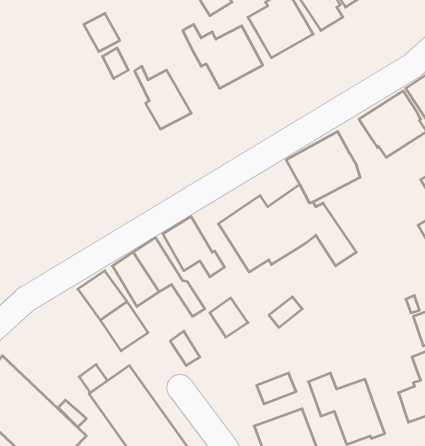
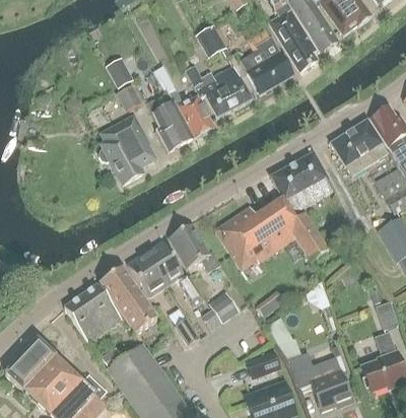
building: none -> [153,64,214,137]
building: none -> [99,114,155,183]
building: none -> [64,283,122,340]

